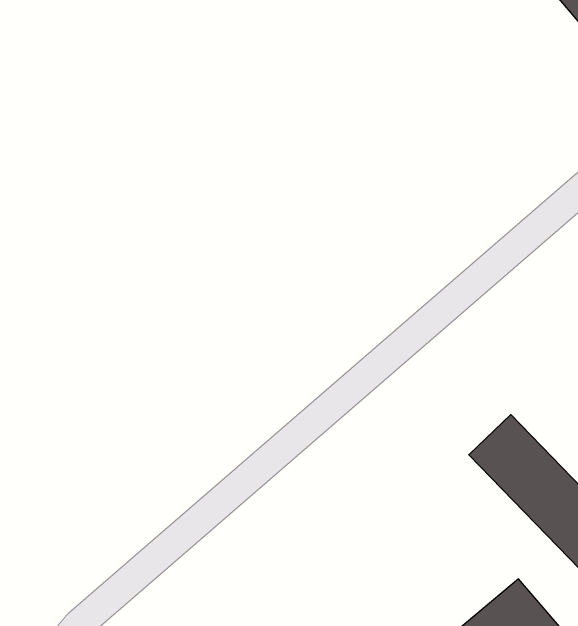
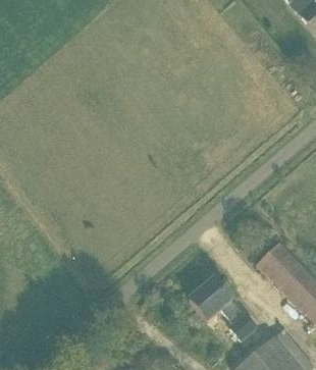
building: none -> [189,278,255,339]

